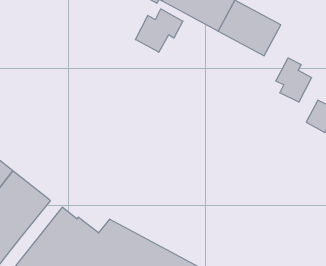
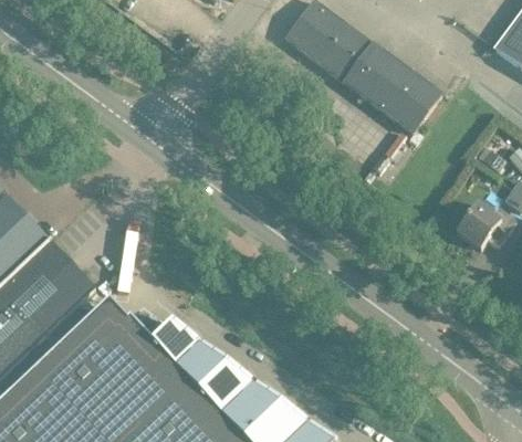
building: [135,9,183,52] -> none
building: [276,58,312,102] -> none

